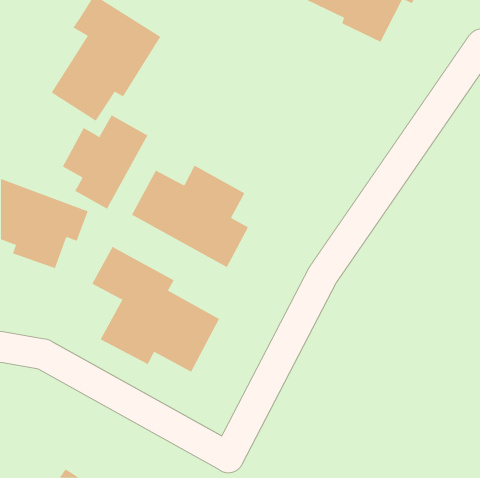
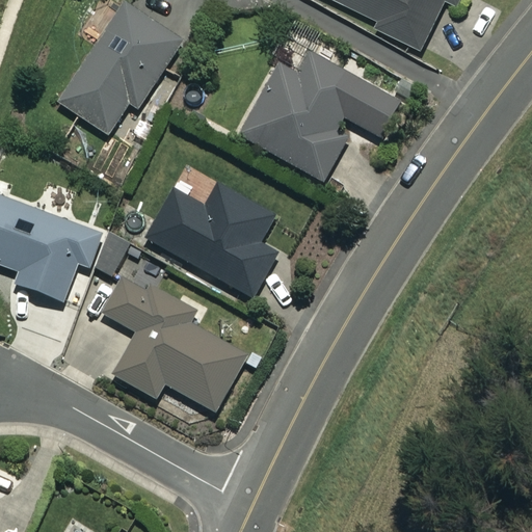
building: none -> [241,52,399,179]
building: [62,115,148,209] -> none

